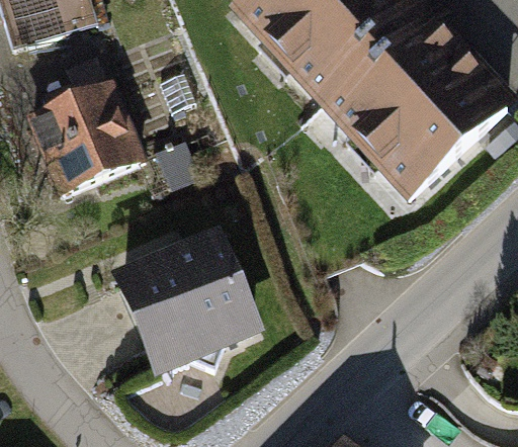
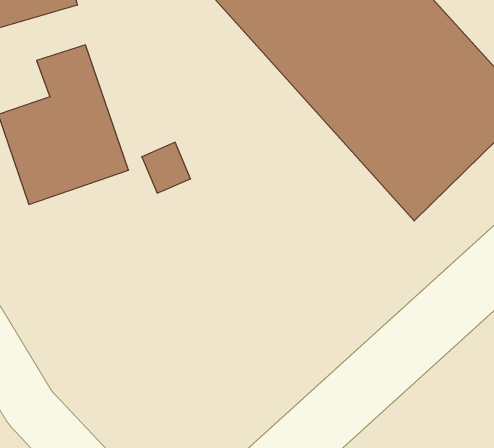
building: [112,229,262,375] -> none

